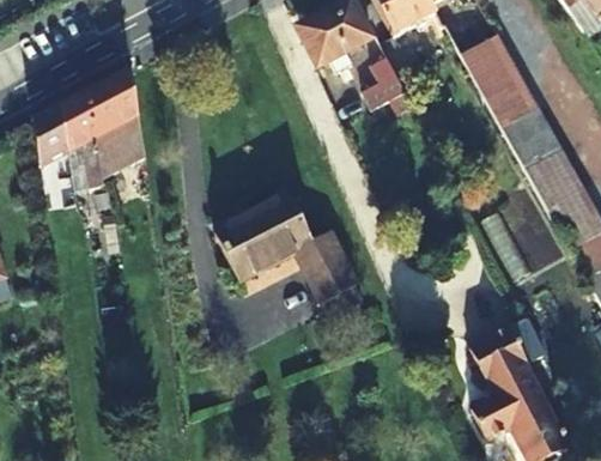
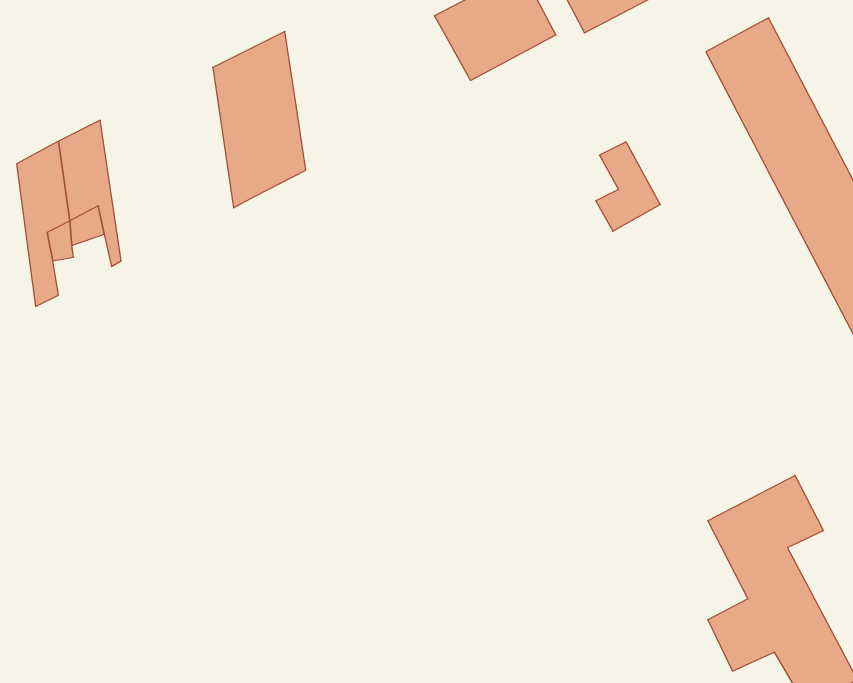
building: [358,44,399,101] -> [596,142,660,231]
building: [86,71,145,182] -> [213,31,306,208]
building: [210,195,348,303] -> none

